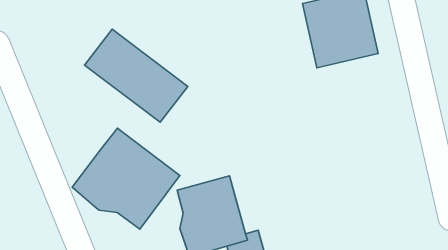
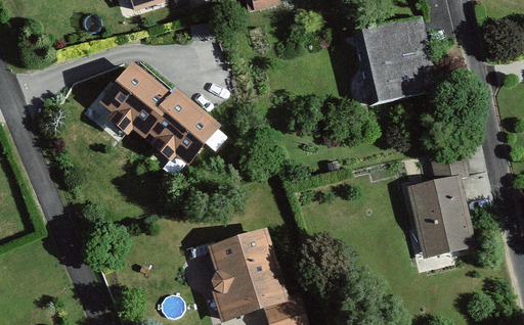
building: none -> [405,145,476,260]
building: [72,128,180,229] -> none

